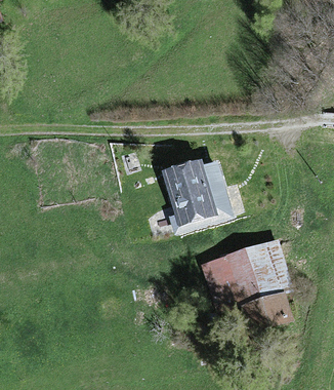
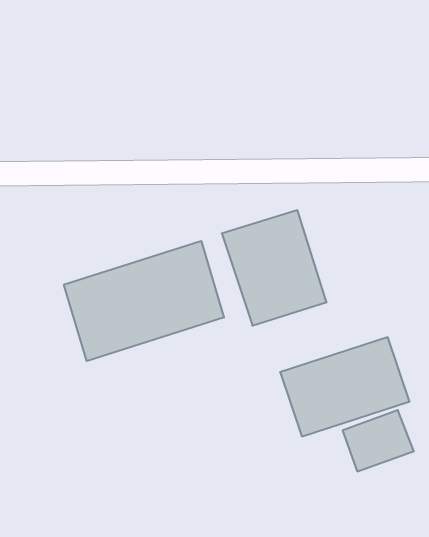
building: none -> [64,241,224,361]

